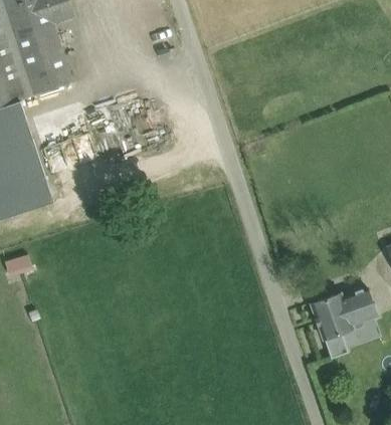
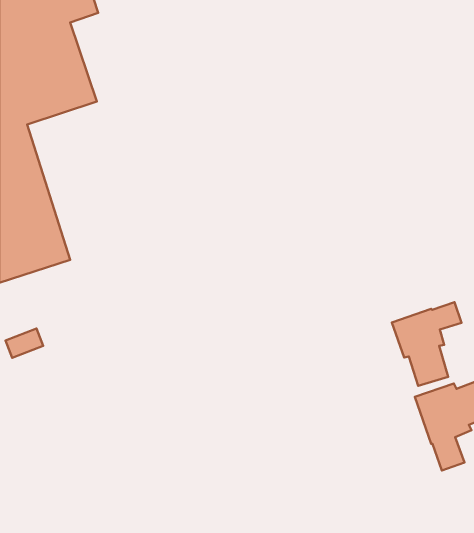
building: none -> [392,302,462,386]

